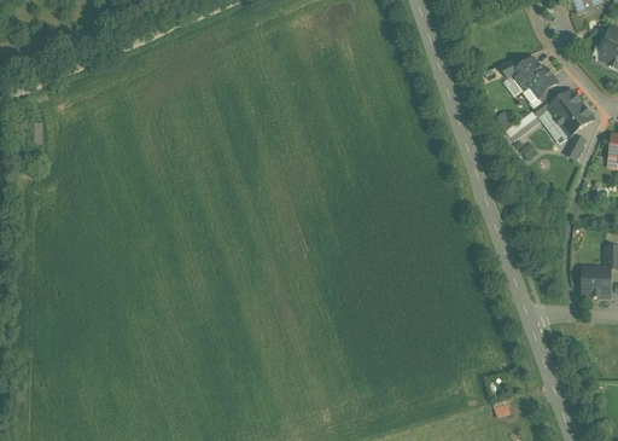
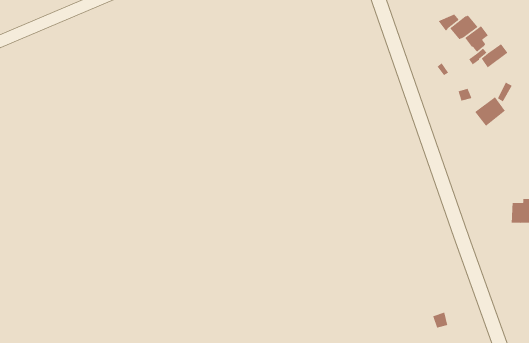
building: [555,101,591,137] -> [474,96,506,127]

